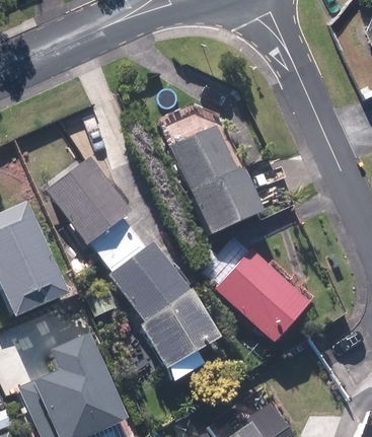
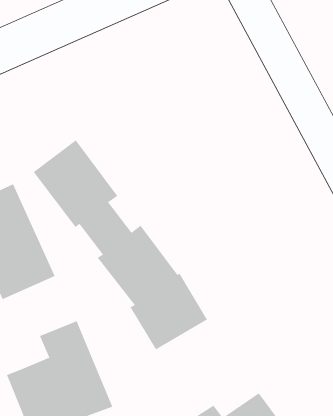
building: [171,126,264,233] -> none
building: [217,250,309,340] -> none

